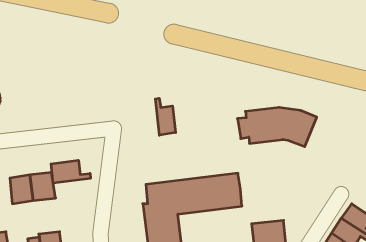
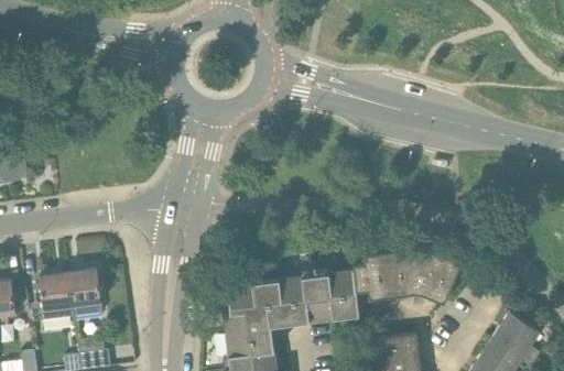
building: [155,98,176,135] -> none
building: [237,107,317,147] -> [352,250,462,304]
building: [51,160,90,183] -> none

